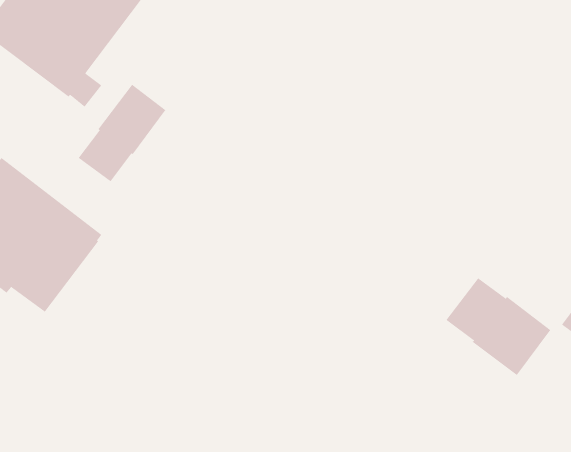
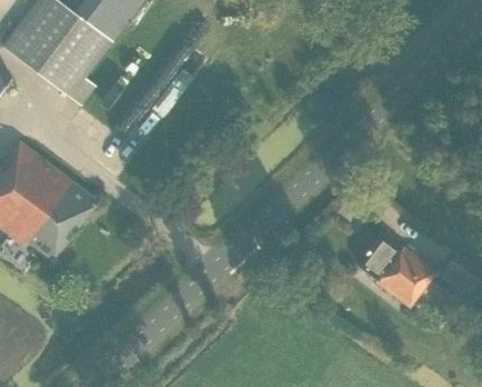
building: [78,84,166,182] -> none

